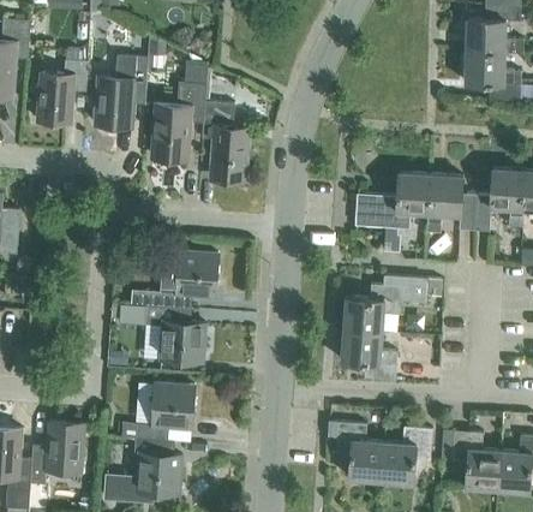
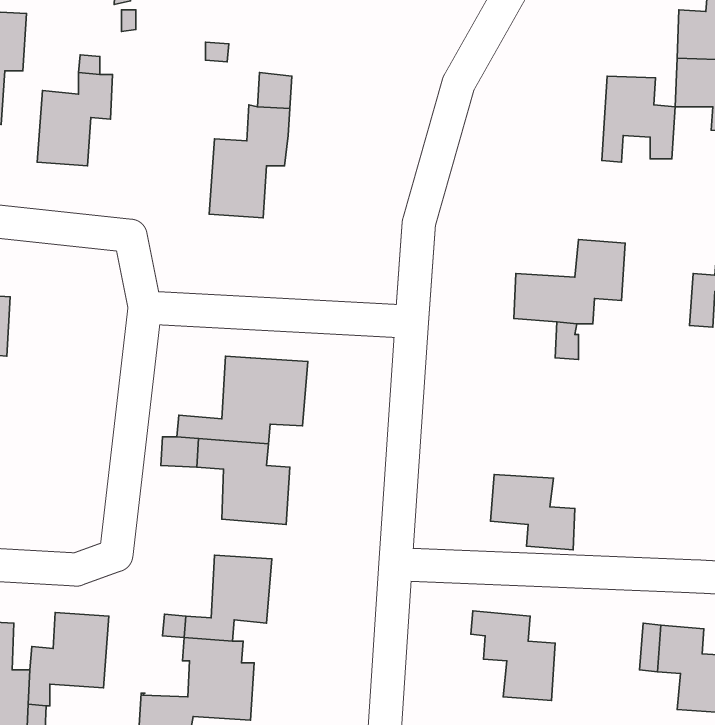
building: [95,55,148,127] -> none
building: [200,102,247,179] -> none
building: [426,174,475,232] -> [602,76,675,162]
building: [342,275,441,332] -> none
building: [381,427,431,483] -> none

